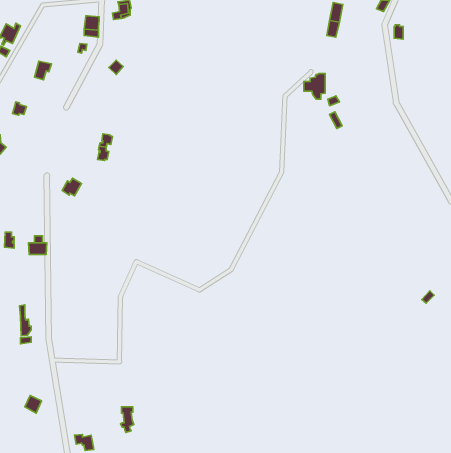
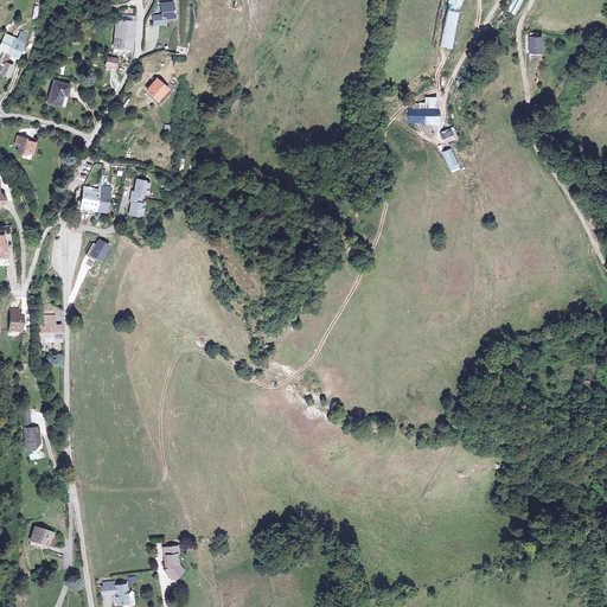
building: none -> [77,181,111,211]

